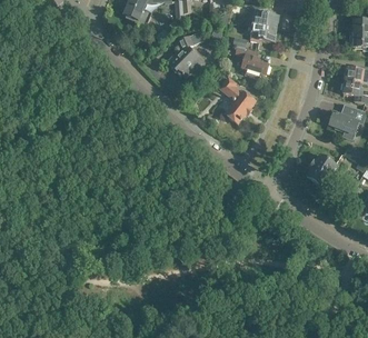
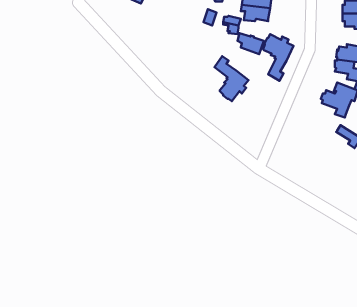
building: [169,29,203,76] -> none
building: none -> [263,34,293,81]
building: [307,152,337,186] -> none

